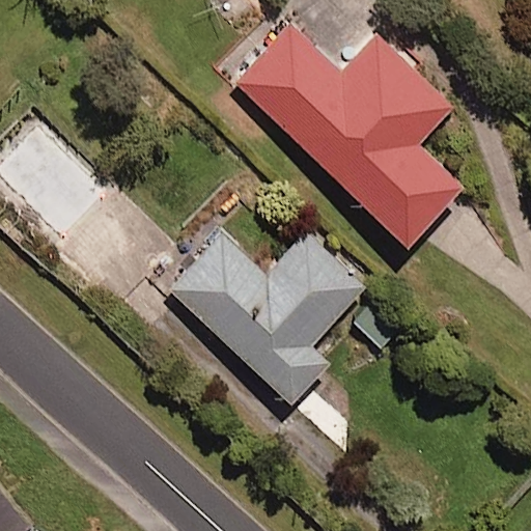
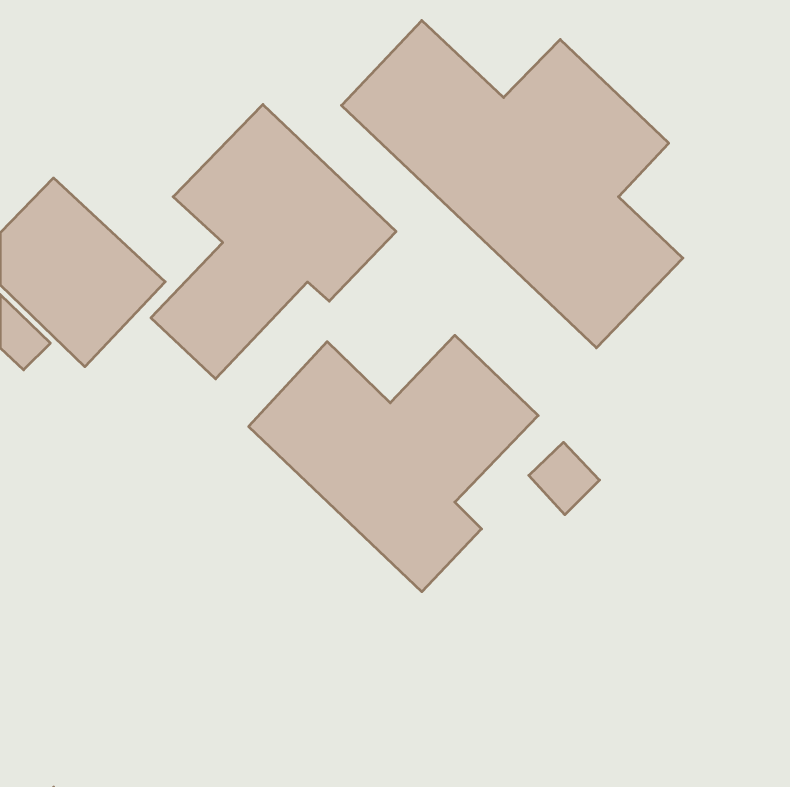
building: none -> [151,104,396,379]

